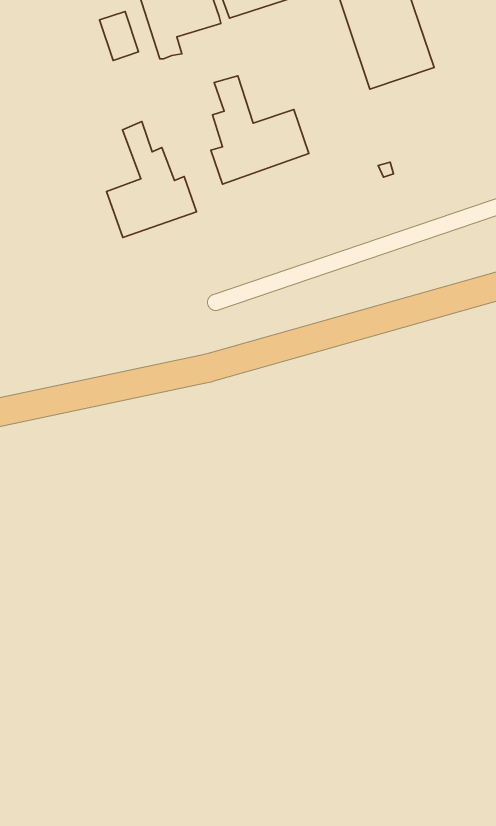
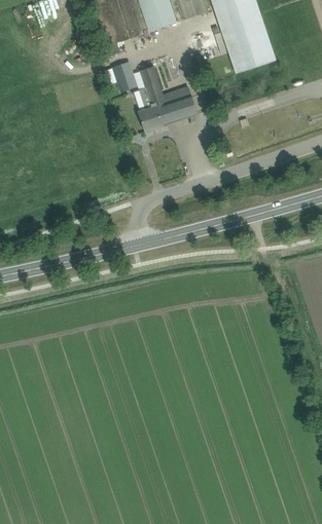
building: [100,11,139,60] -> [114,61,138,90]
building: [107,121,196,237] -> none

